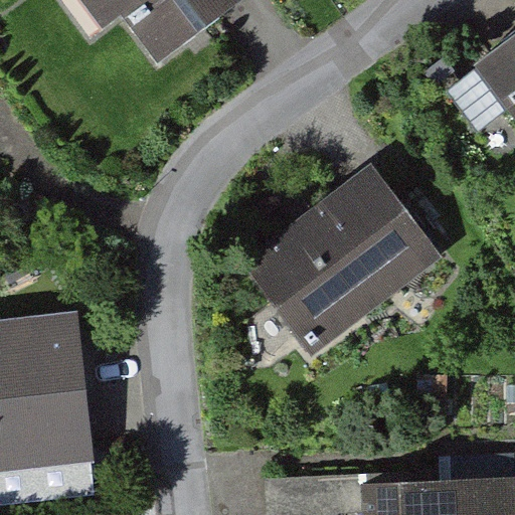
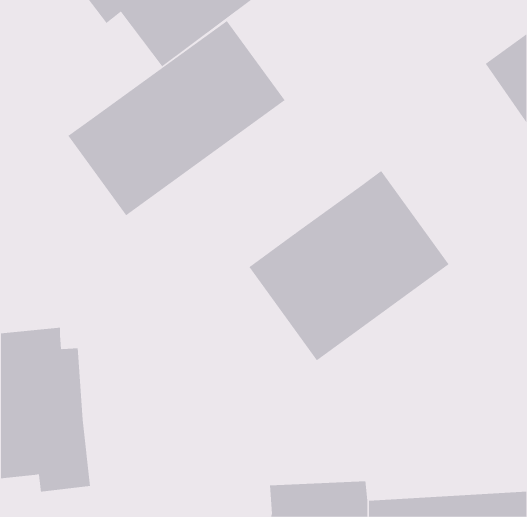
building: none -> [68,20,285,216]

